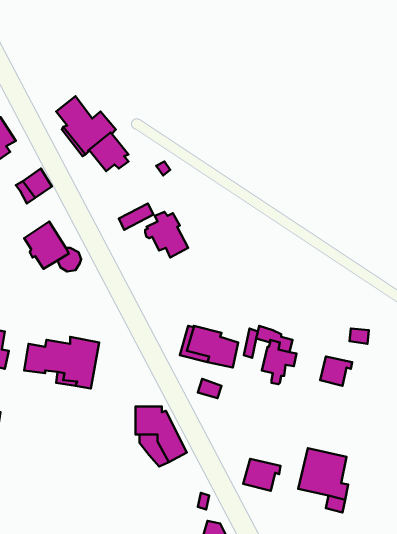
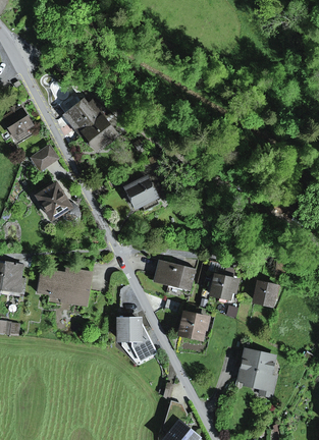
building: [243,459,281,491] -> [180,314,208,337]

